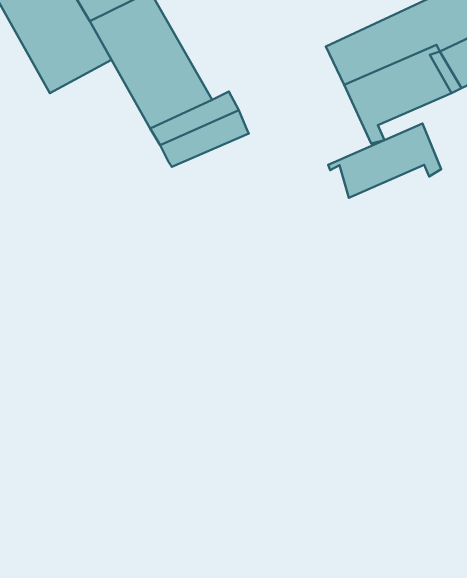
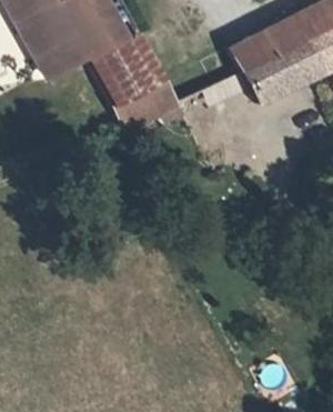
building: [328,124,441,198] -> none

